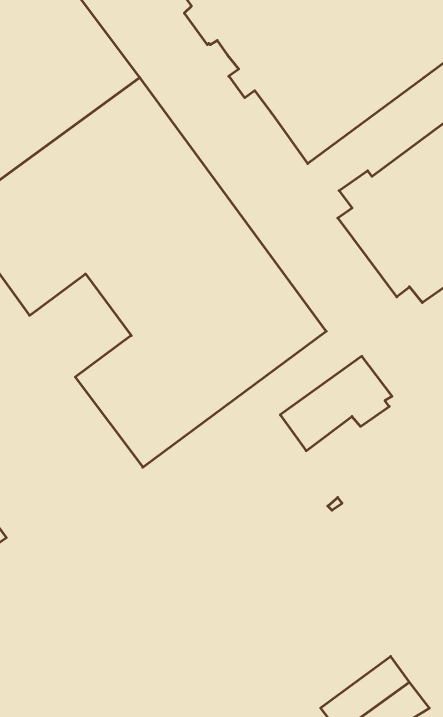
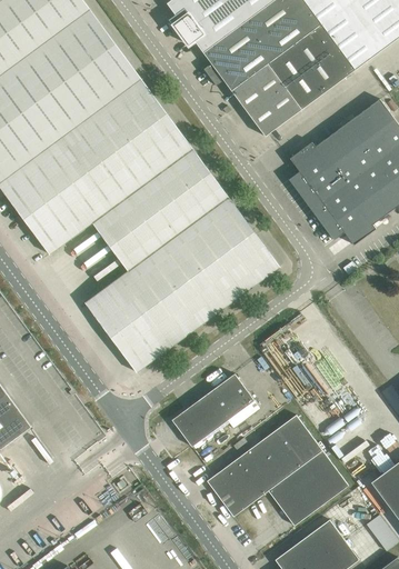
building: [280,356,392,451] -> [171,373,258,447]
building: none -> [207,415,348,526]

